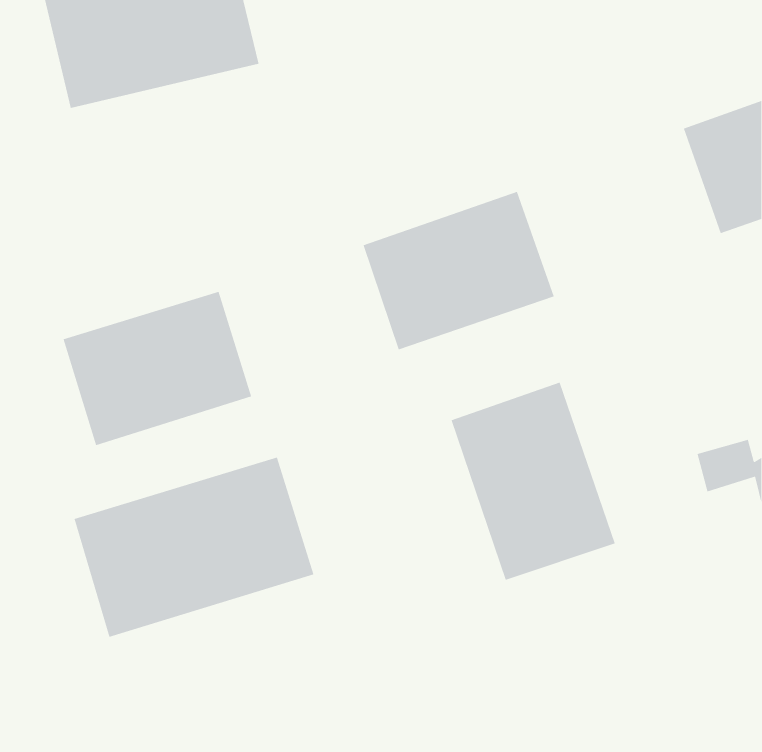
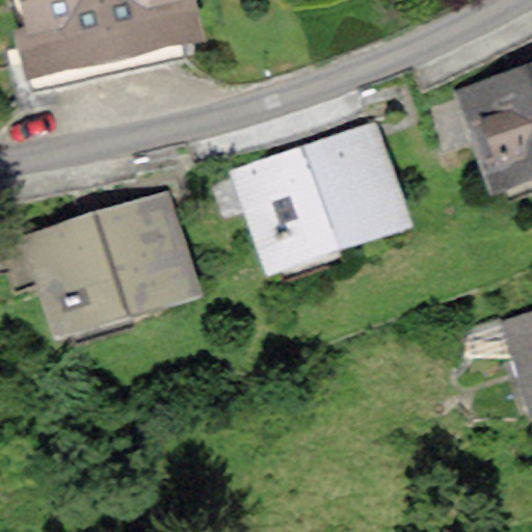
building: [450,381,616,581] -> none
building: [74,457,314,638] -> none

